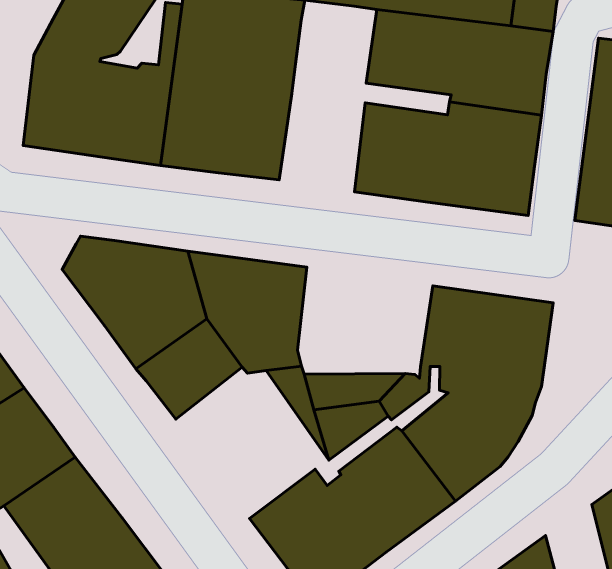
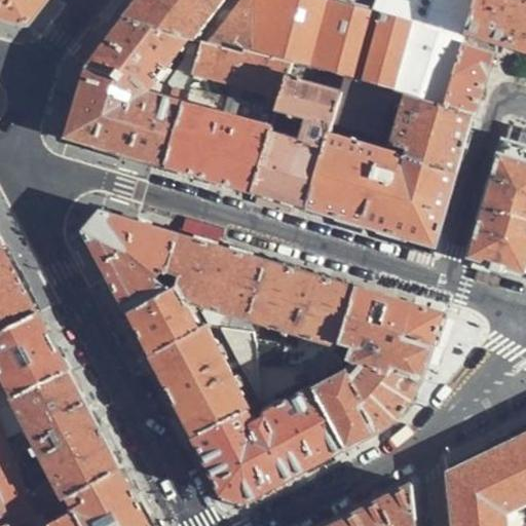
building: none -> [253,71,345,209]
building: none -> [247,259,354,346]
building: none -> [148,326,247,439]

